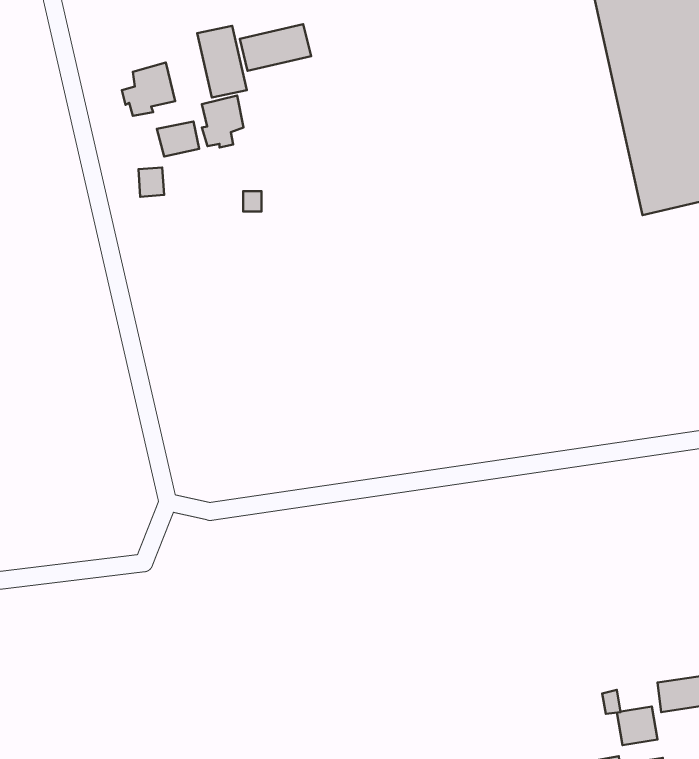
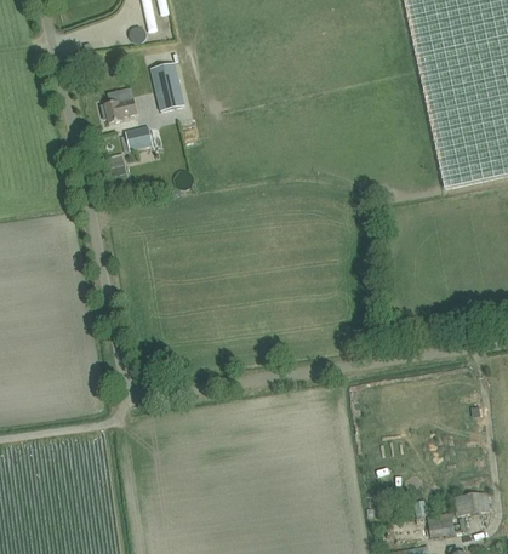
building: [240,24,311,71] -> none
building: [202,96,243,148] -> none

